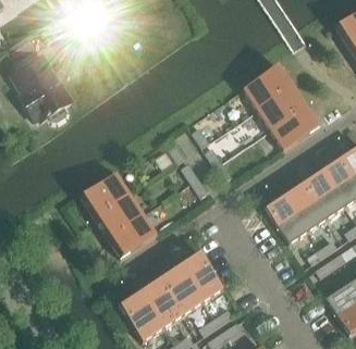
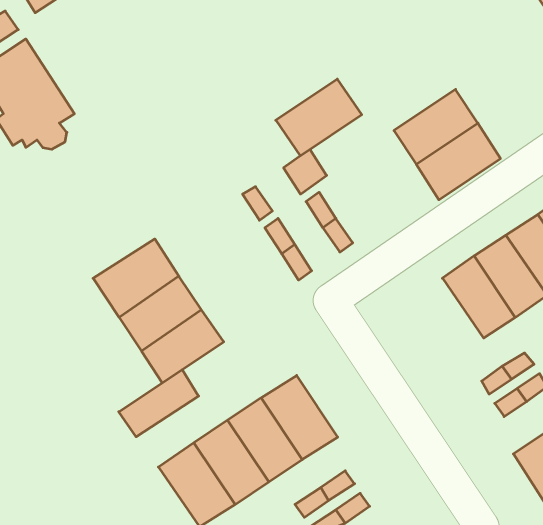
building: [242,65,292,110] -> [276,79,362,156]
building: [266,196,308,244] -> none
building: none -> [119,370,199,437]

